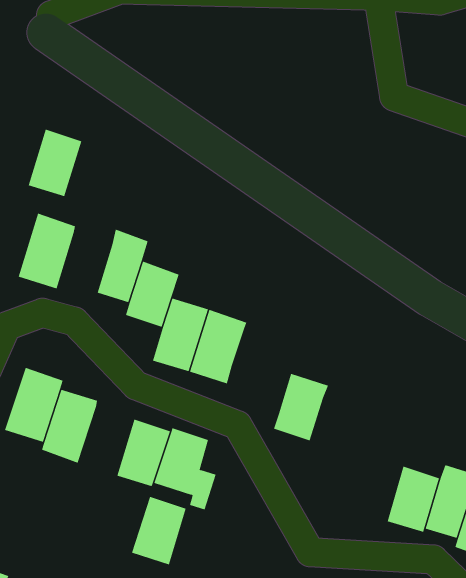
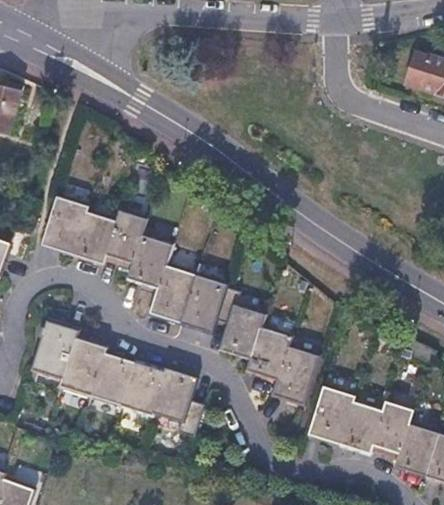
building: [28,129,82,197] -> [73,210,117,265]
building: none -> [215,288,266,357]
building: none -> [274,344,320,404]
building: none -> [307,384,355,444]
building: [131,496,187,565] -> [90,351,135,407]

